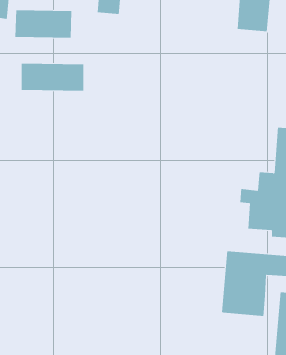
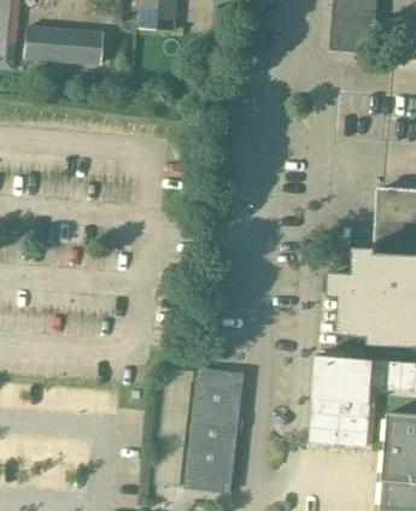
building: [21,63,84,91] -> none
building: none -> [181,370,239,493]

